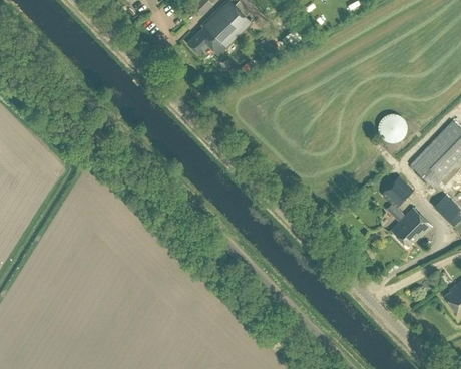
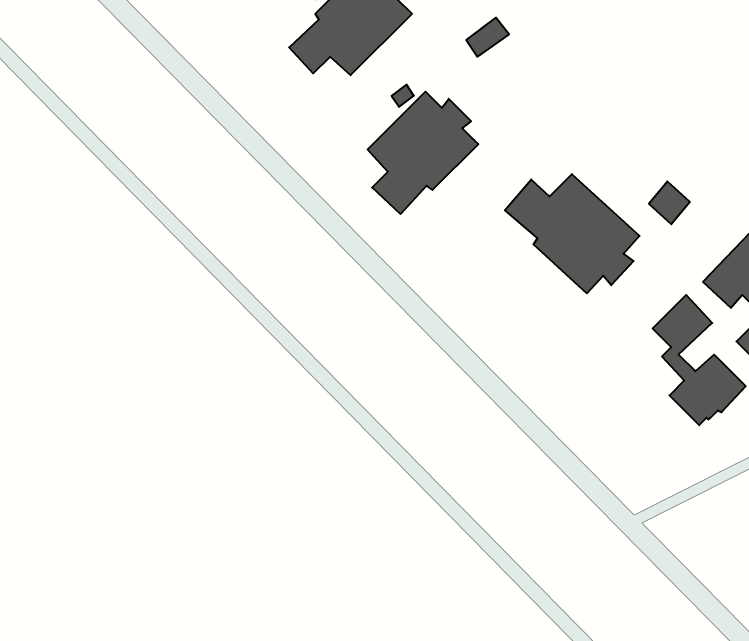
building: none -> [368,92,478,214]
building: none -> [505,174,640,293]

